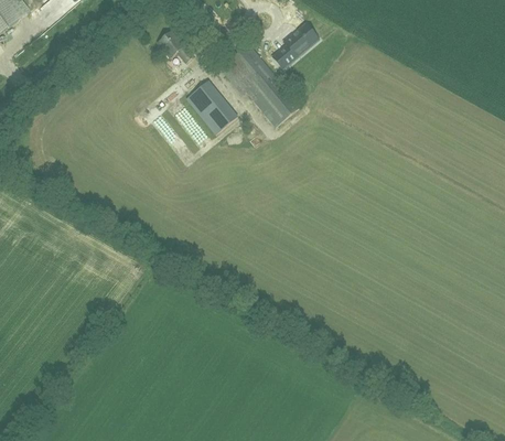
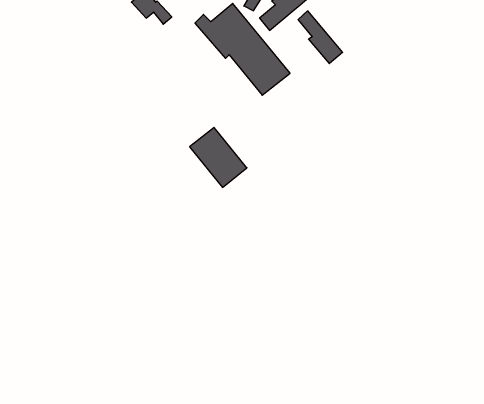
building: none -> [298,11,343,64]
building: [185,79,237,133] -> [190,127,247,187]

